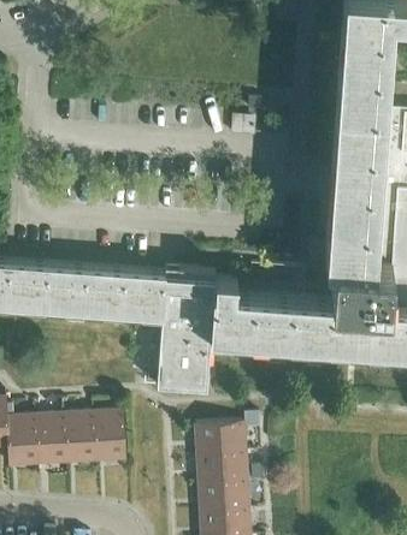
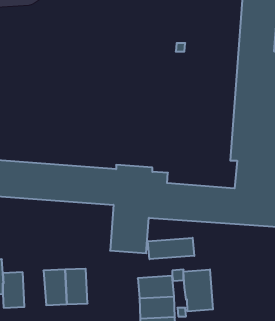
building: none -> [148,238,194,259]
building: none -> [184,269,213,311]
building: [35,415,67,465] -> none

